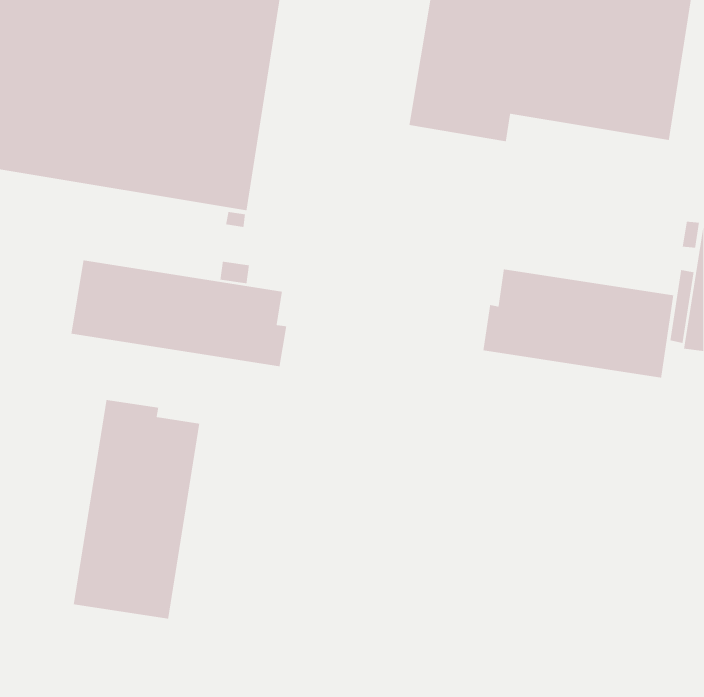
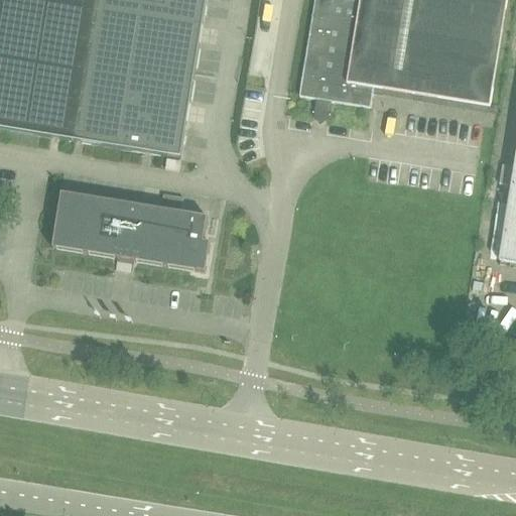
building: [483,268,674,379] -> none
building: [73,399,200,620] -> none

